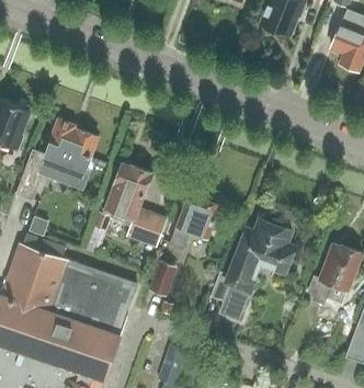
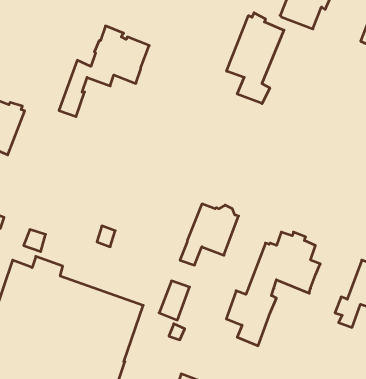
building: none -> [227,13,284,104]
building: [16,118,98,199] -> [59,26,149,117]
building: [105,162,166,247] -> none

